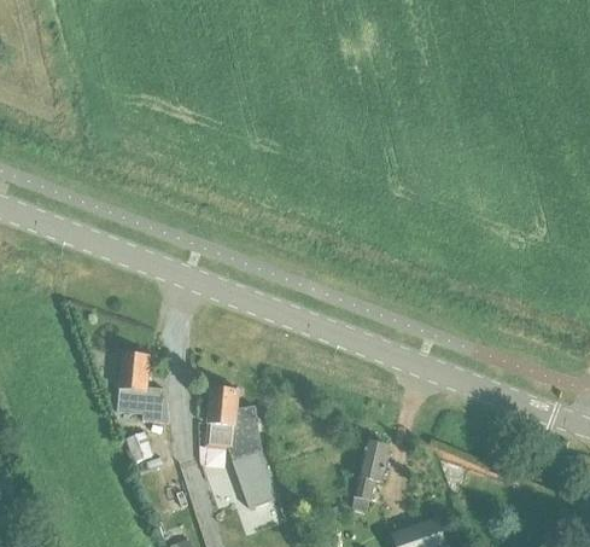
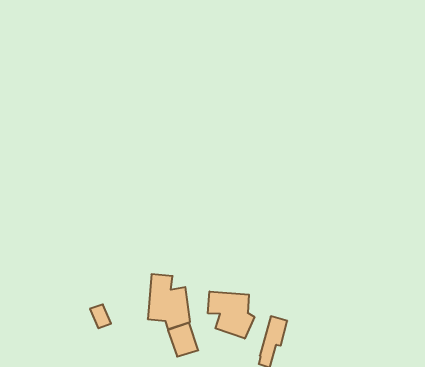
building: [115,354,167,425] -> none
building: none -> [208,291,254,339]

